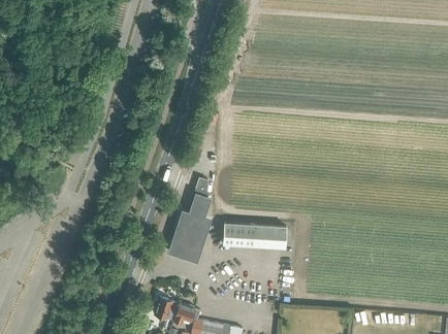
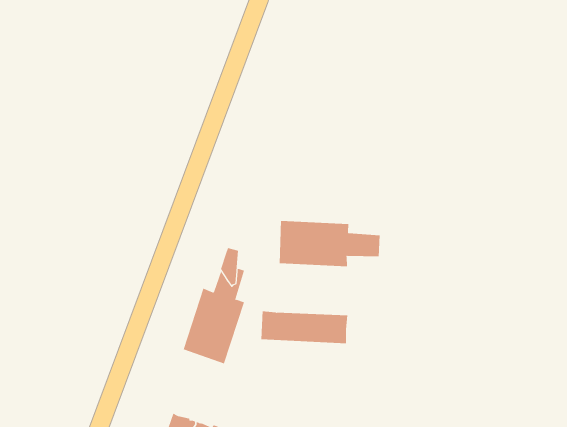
building: none -> [279,220,380,267]

